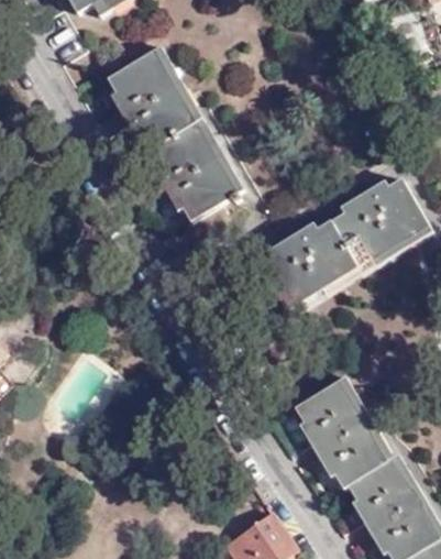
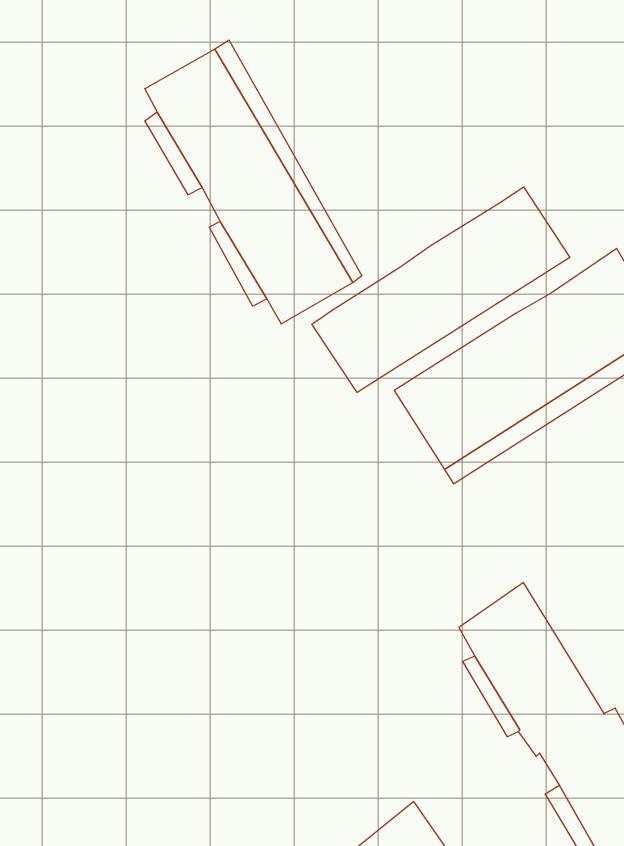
building: none -> [312,187,570,392]

